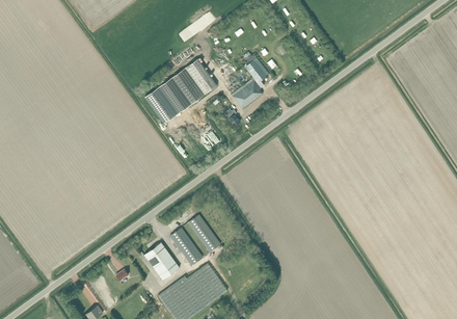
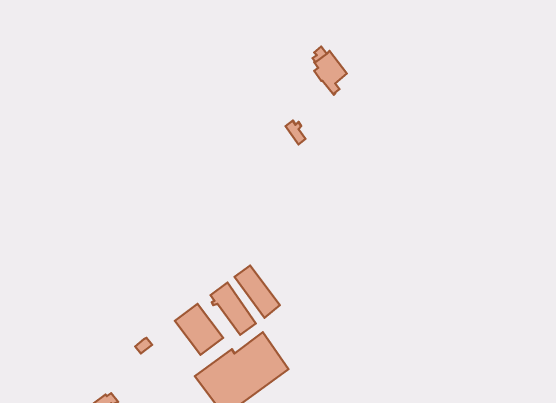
building: [144,58,216,124] -> none
building: [231,79,263,109] -> none

